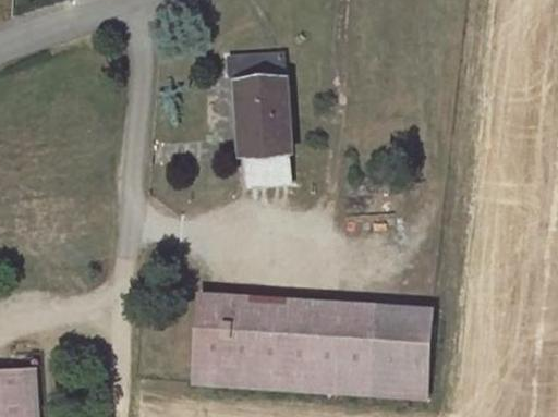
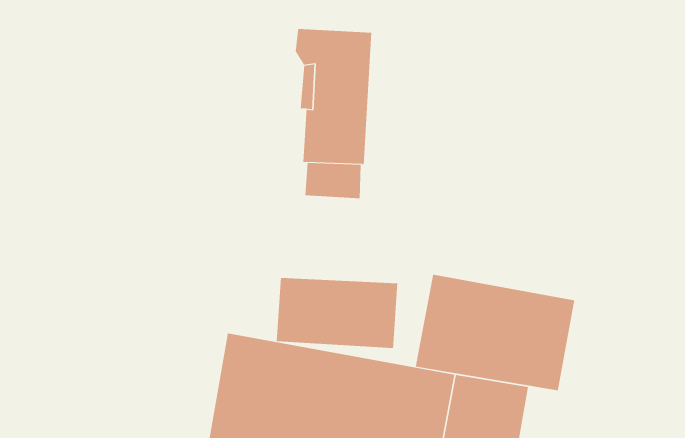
building: none -> [415,274,575,391]
building: none -> [276,277,398,349]

